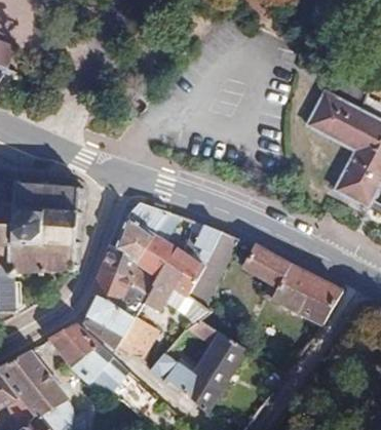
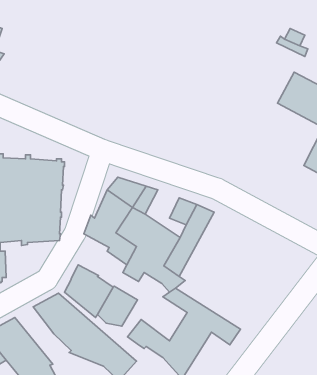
building: [242,245,341,324] -> none
building: [89,262,147,318] -> none

